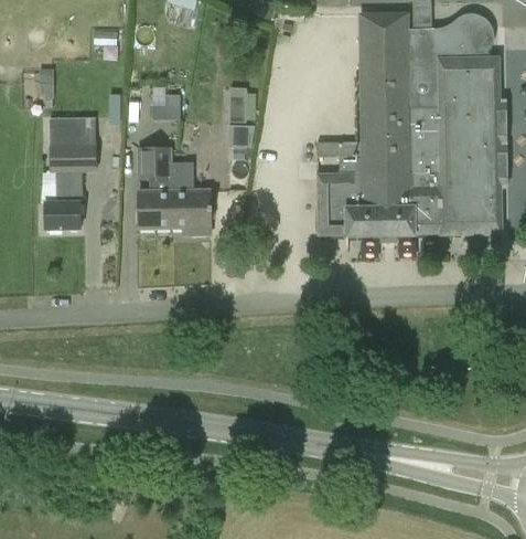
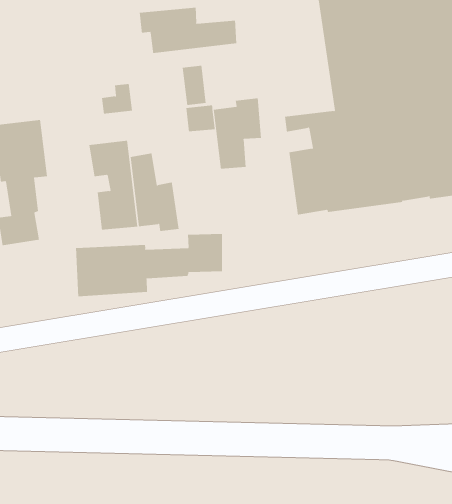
building: none -> [139,7,237,54]
building: none -> [213,97,262,170]
building: none -> [76,233,223,297]

